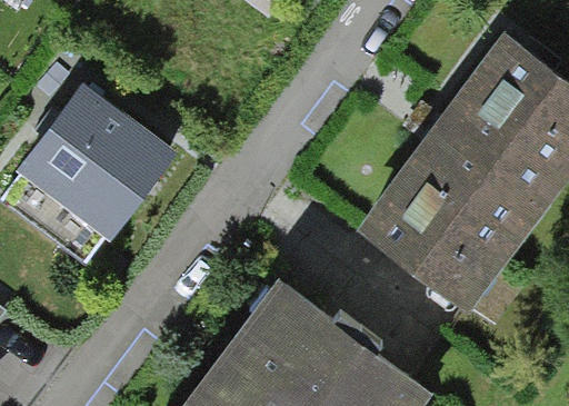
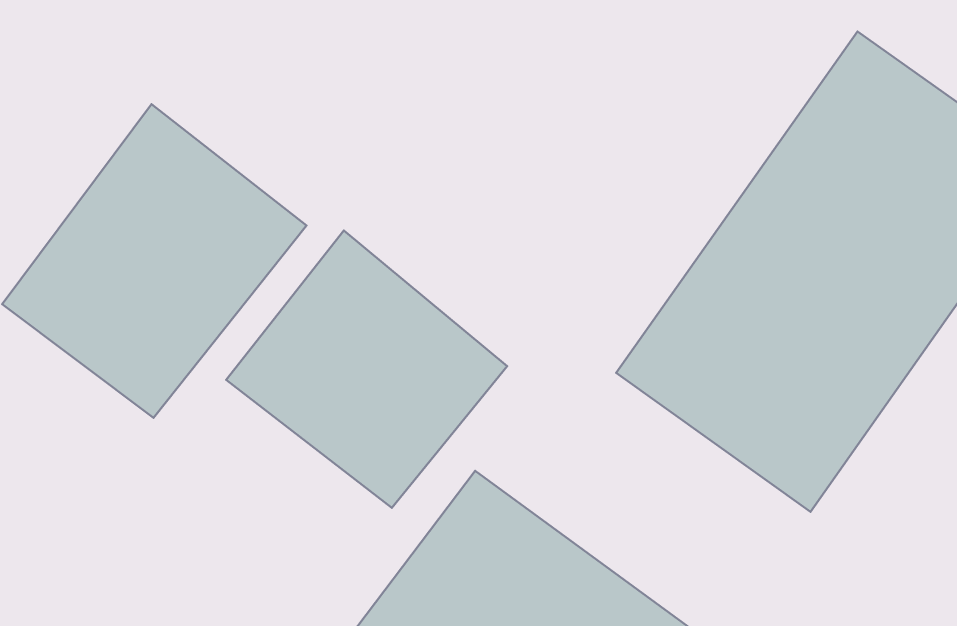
building: none -> [226,230,507,508]

